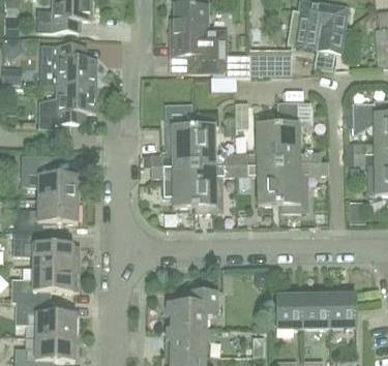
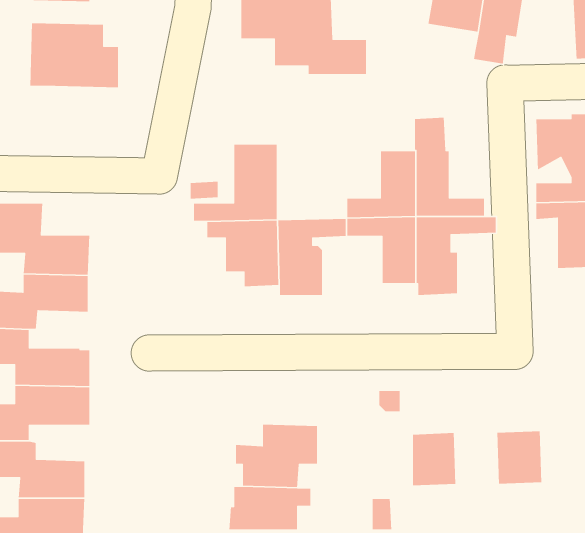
building: [263,50,291,74] -> none
building: [38,84,96,129] -> none
building: [191,113,236,165] -> none
building: [302,296,329,328] -> none

